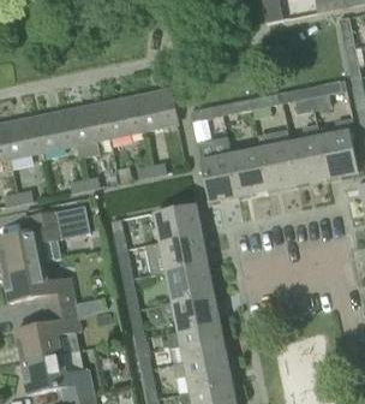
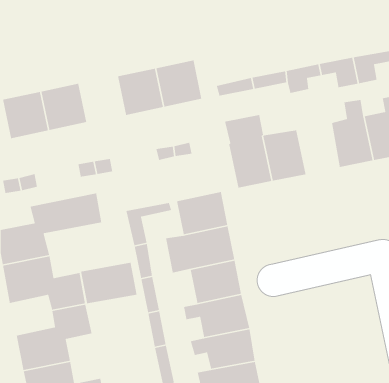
building: [70,102,110,156] -> none
building: [261,143,298,189] -> none
building: none -> [80,262,138,304]

